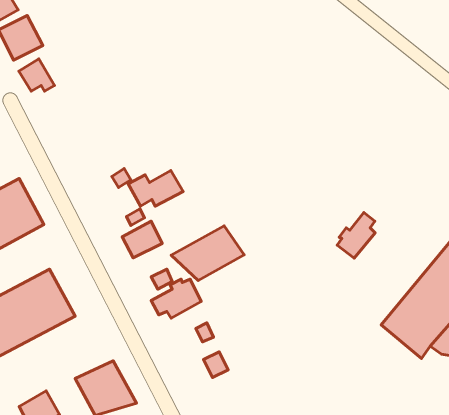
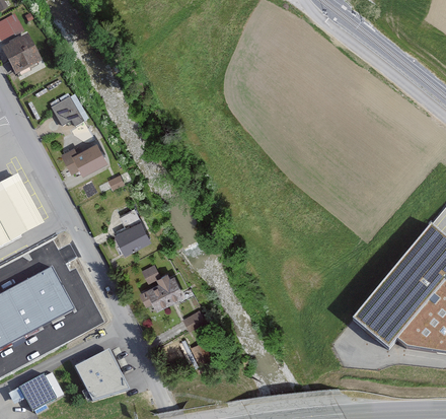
building: [19,59,55,91] -> [51,97,83,127]
building: [128,170,183,206] -> [61,142,110,174]
building: [337,212,375,258] -> none
building: [171,226,244,280] -> none

